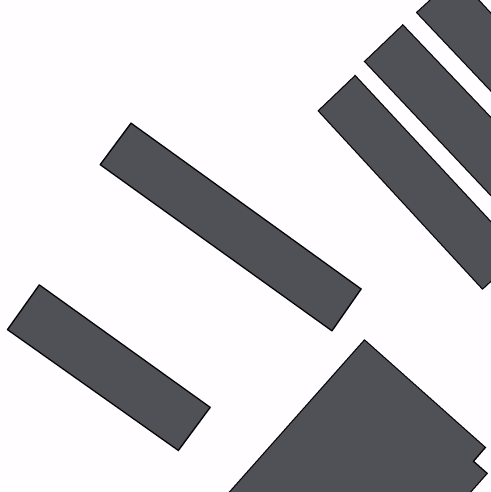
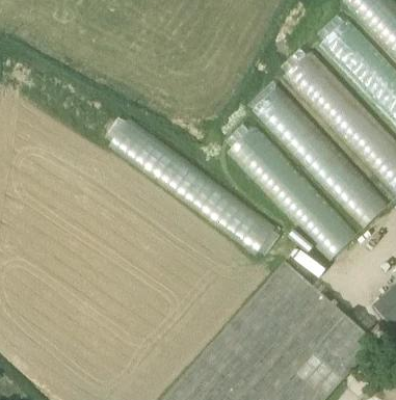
building: none -> [229,123,358,258]
building: [8,285,210,451] -> none

